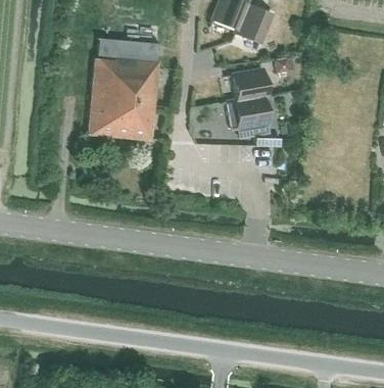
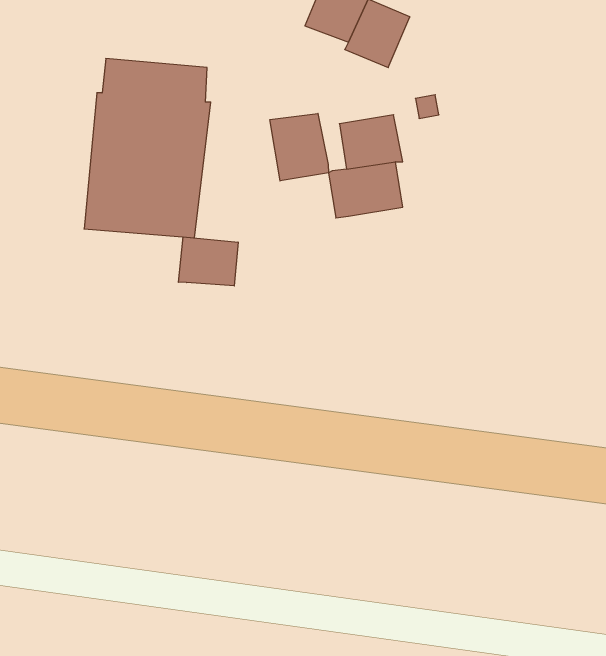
building: none -> [270,113,328,181]
building: none -> [178,237,238,286]

